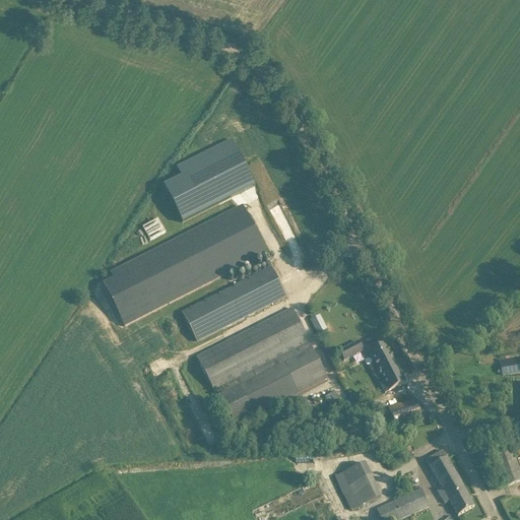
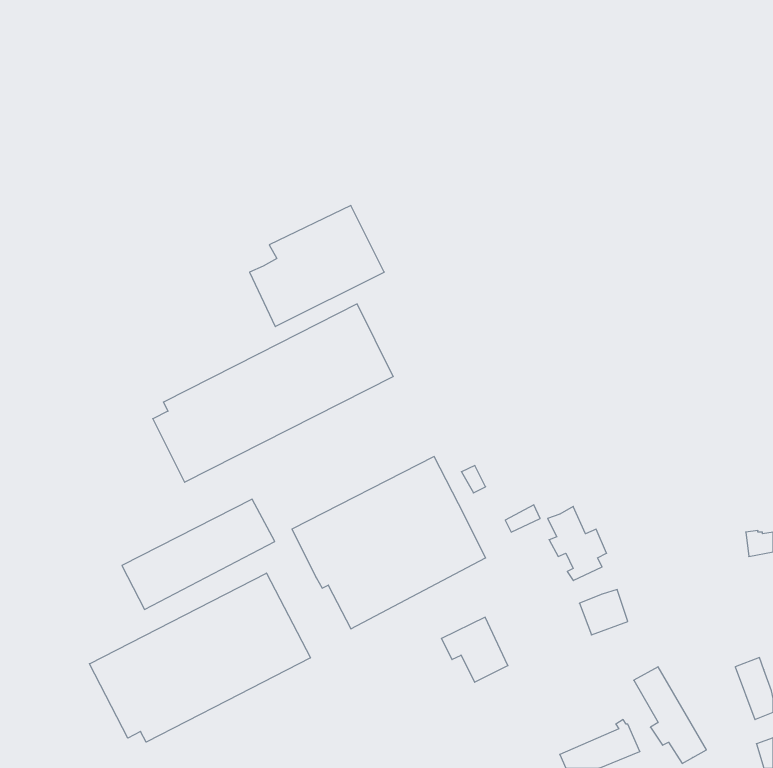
building: [182,266,284,340] -> [122,499,275,609]
building: none -> [89,573,310,742]
building: [335,461,380,505] -> [441,617,508,682]

